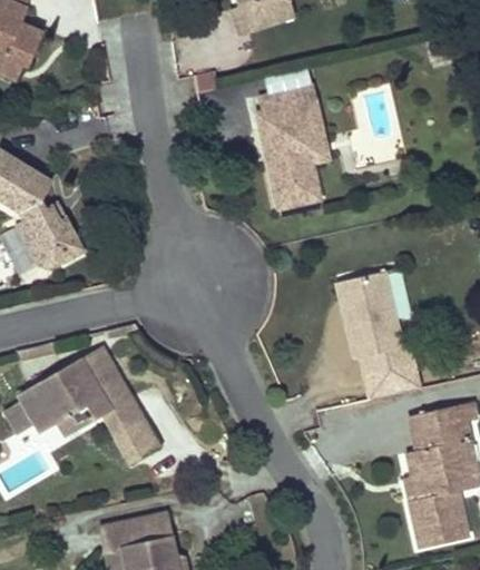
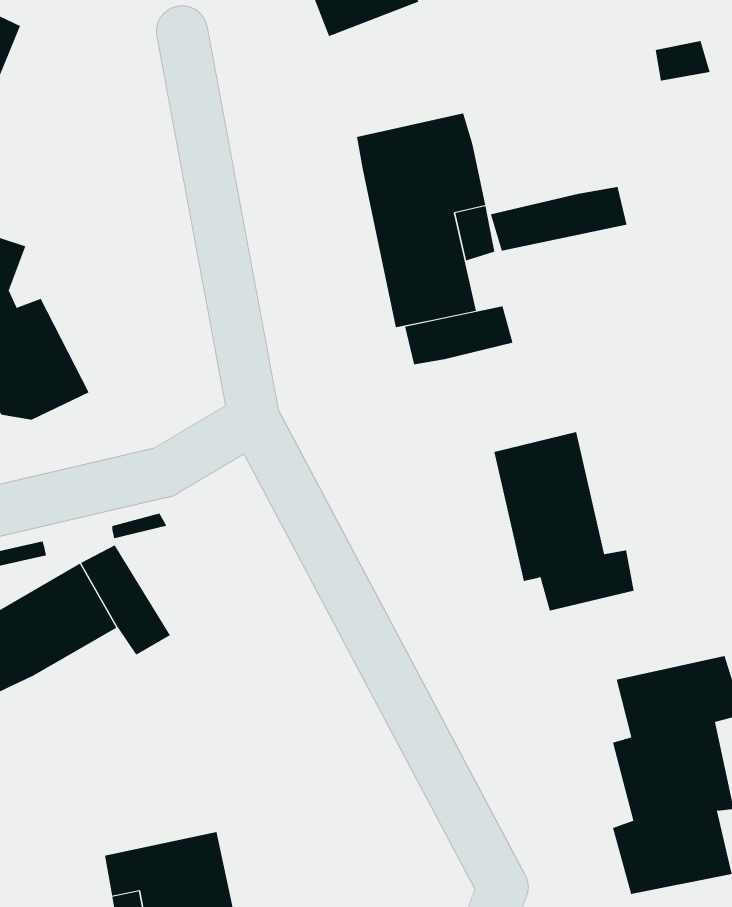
building: none -> [490,186,627,252]
building: none -> [405,306,513,365]
building: [365,371,422,406] -> none
building: [106,397,166,461] -> none

